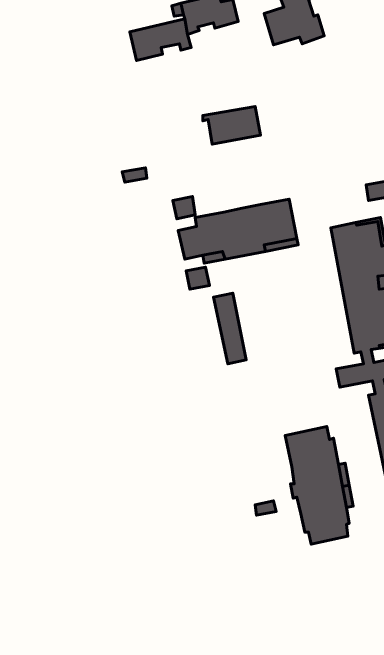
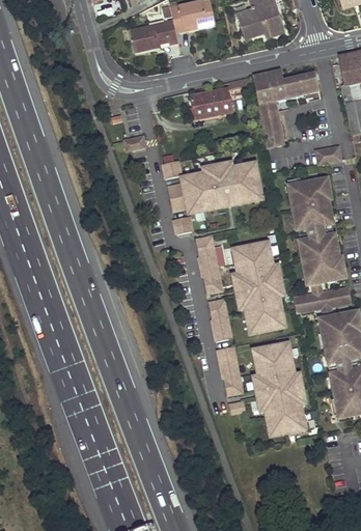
building: none -> [253,61,318,147]
building: none -> [232,242,282,334]
building: none -> [207,300,230,340]
building: none -> [217,345,242,394]

